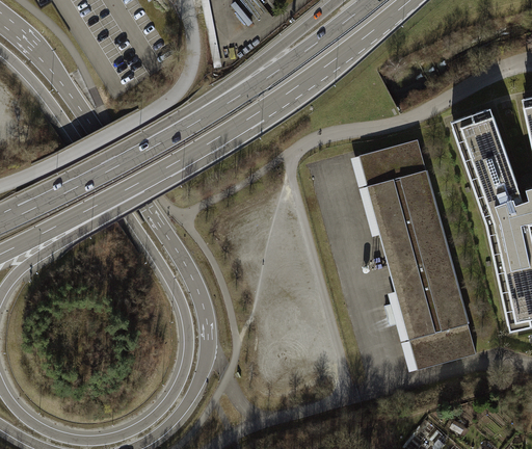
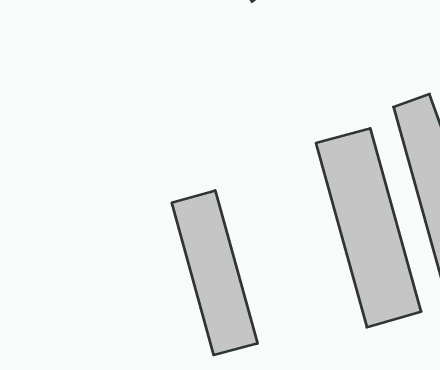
building: none -> [172,190,257,355]

